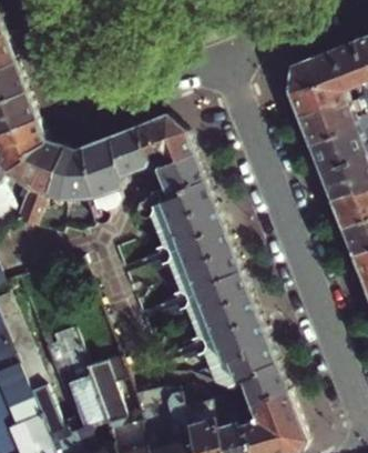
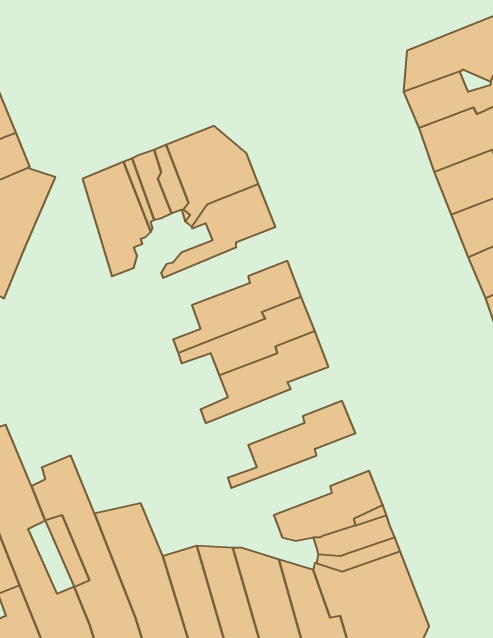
building: [43,148,102,227] -> none
building: [133,180,214,231] -> none
building: [161,271,249,322] -> none
building: [177,314,267,368] -> none

